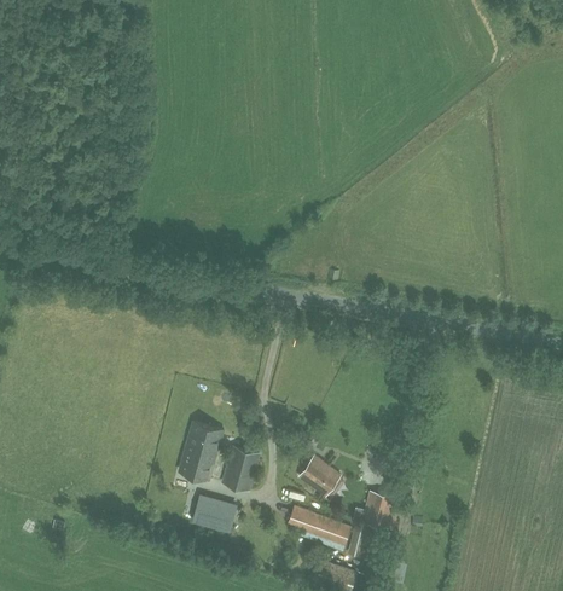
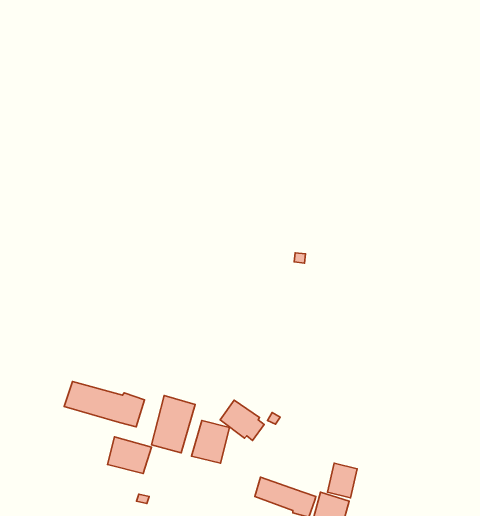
building: none -> [64,381,144,427]
building: [298,456,344,498] -> [220,400,264,441]
building: [191,493,237,532] -> [108,437,151,474]

